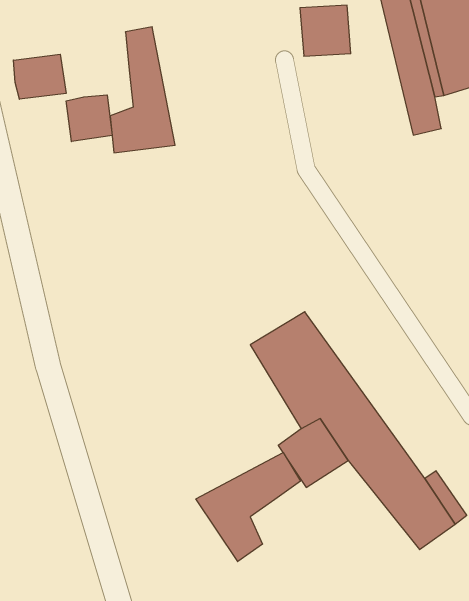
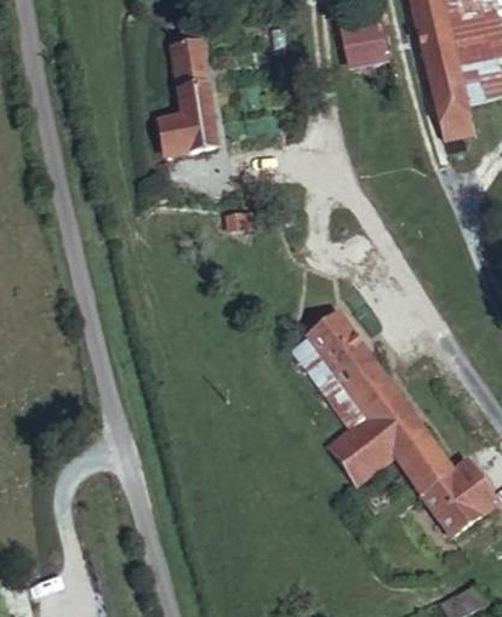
building: [13,54,66,99] -> none
building: [66,95,112,142] -> none
building: [196,453,300,562] -> none

